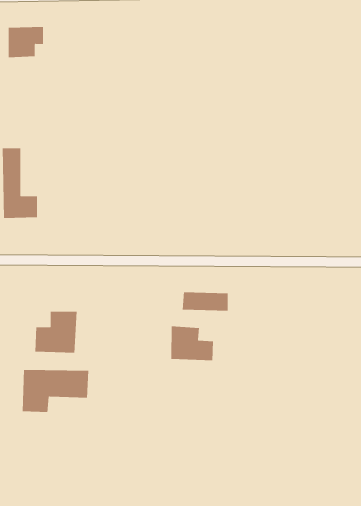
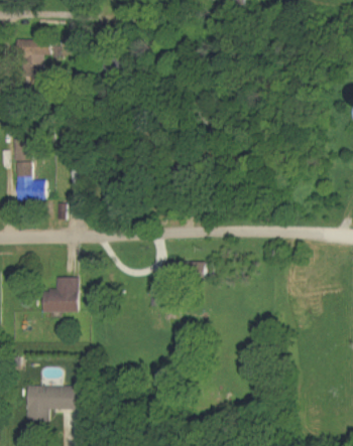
building: [171,326,213,361] -> none
building: [22,369,89,413] -> [26,386,83,422]

